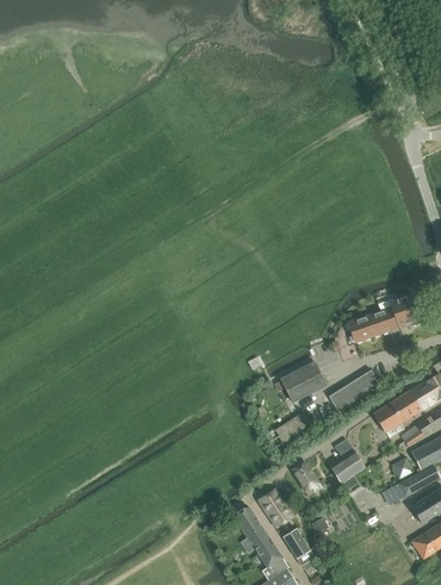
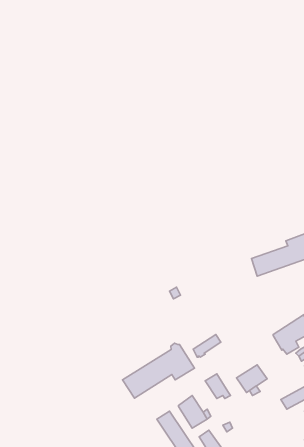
building: [280,361,327,403] -> none
building: [328,369,380,411] -> none
building: none -> [122,343,195,398]

